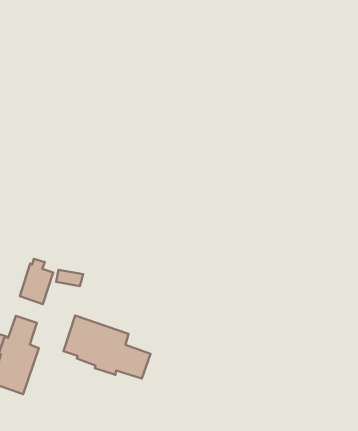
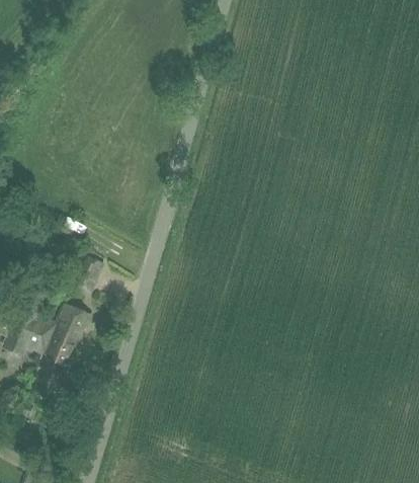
building: [63,316,150,379] -> none

